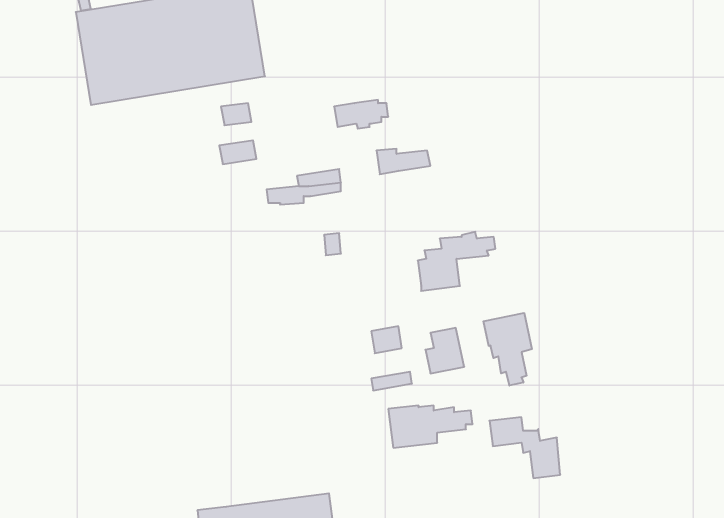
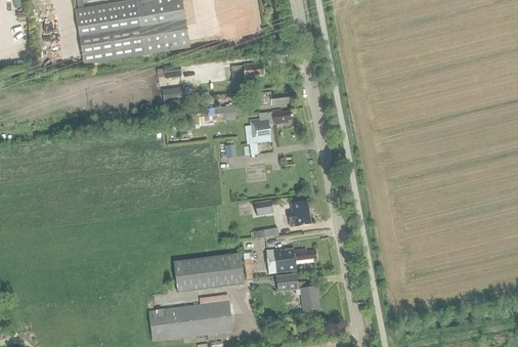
building: [418,232,495,291] -> [245,107,292,143]
building: [483,313,532,386] -> none
building: none -> [173,253,243,293]
building: [489,417,560,478] -> [275,272,318,309]

